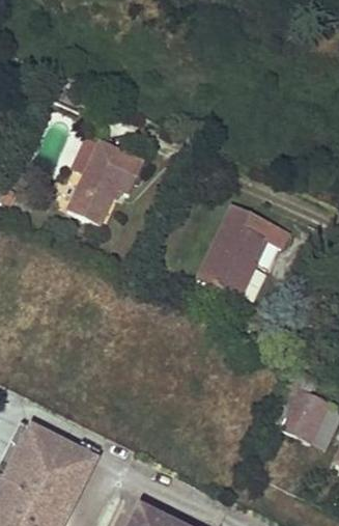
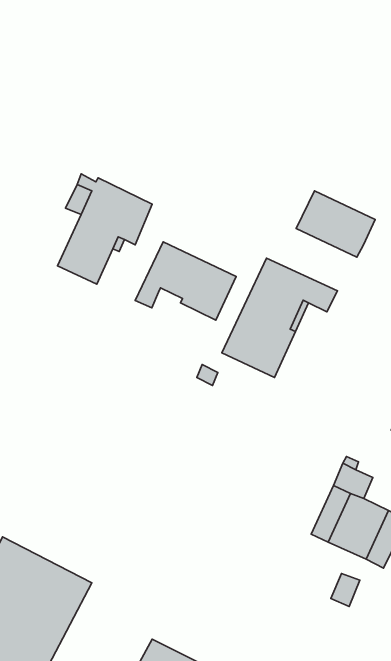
building: none -> [296,191,375,257]
building: none -> [135,242,236,320]

